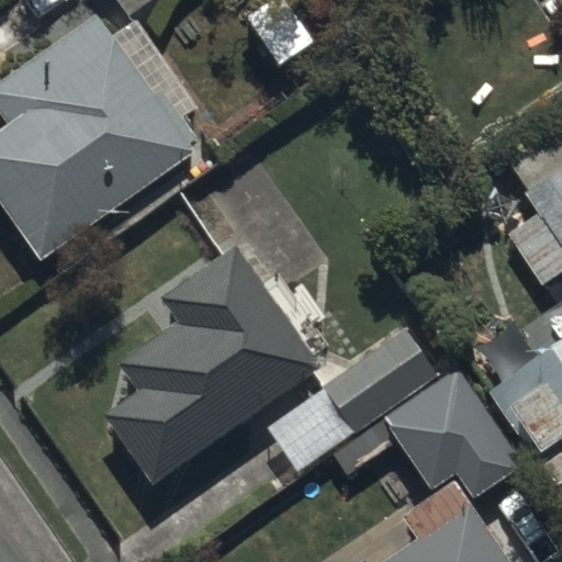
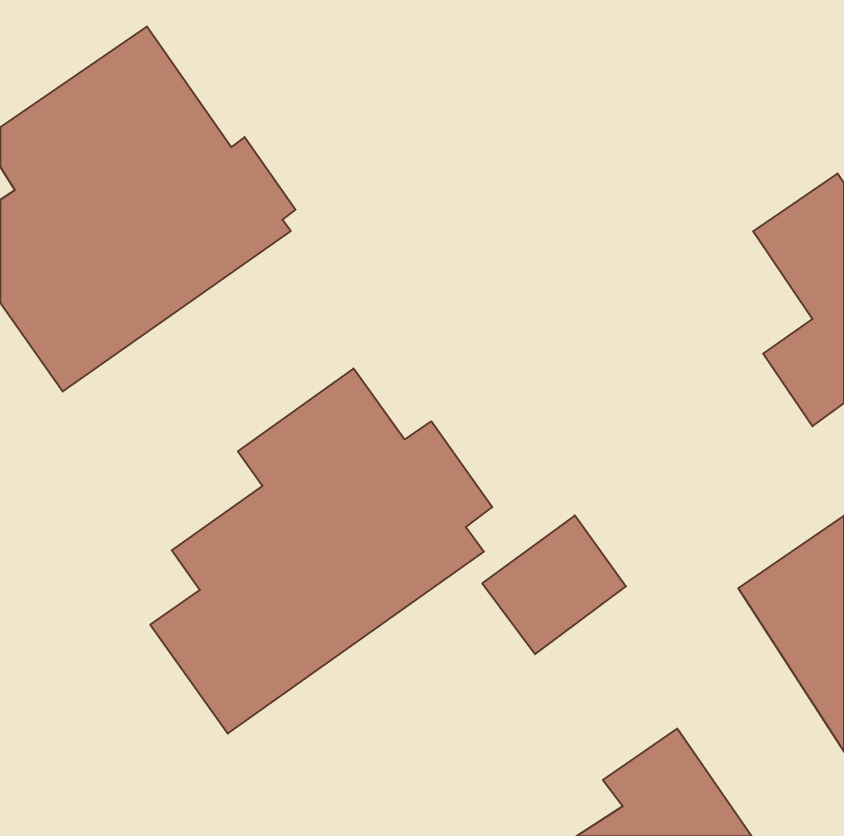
building: [386,367,525,493] -> none

